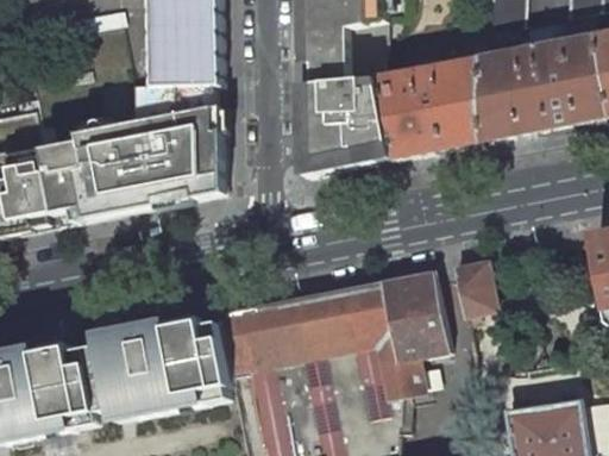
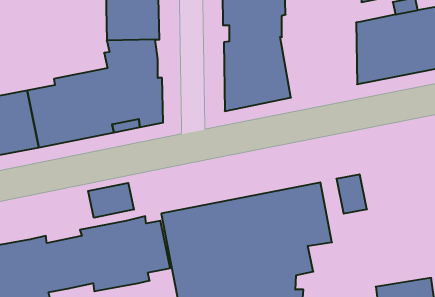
building: [379,57,482,157] -> none
building: none -> [88,183,134,218]

